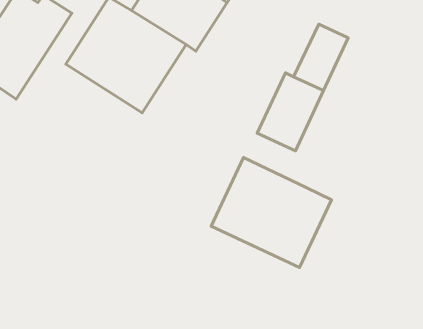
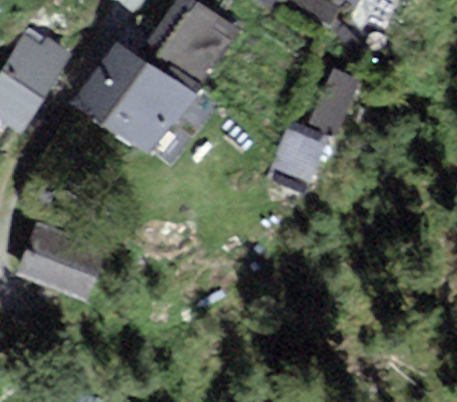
building: [211,157,331,268] -> none
building: none -> [22,223,102,295]

